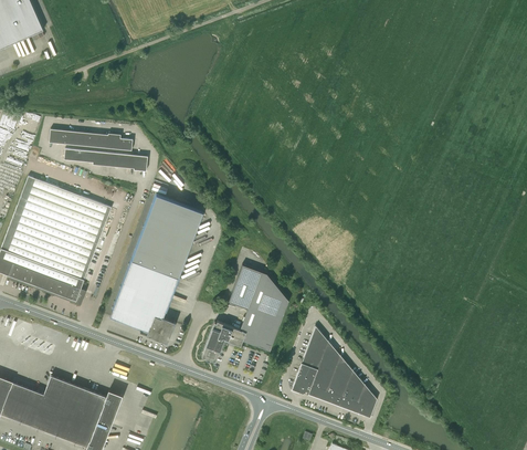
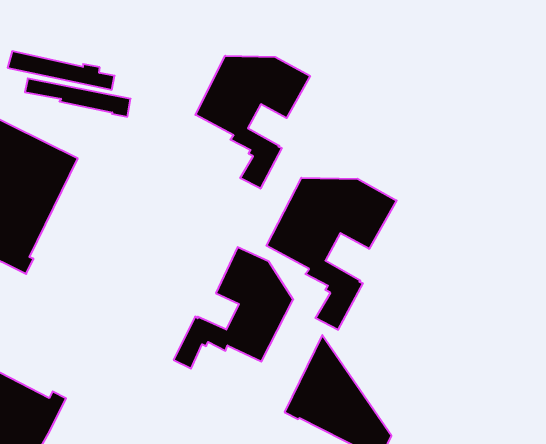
building: none -> [195,56,310,189]
building: [109,195,202,341] -> none
building: none -> [266,178,397,330]

